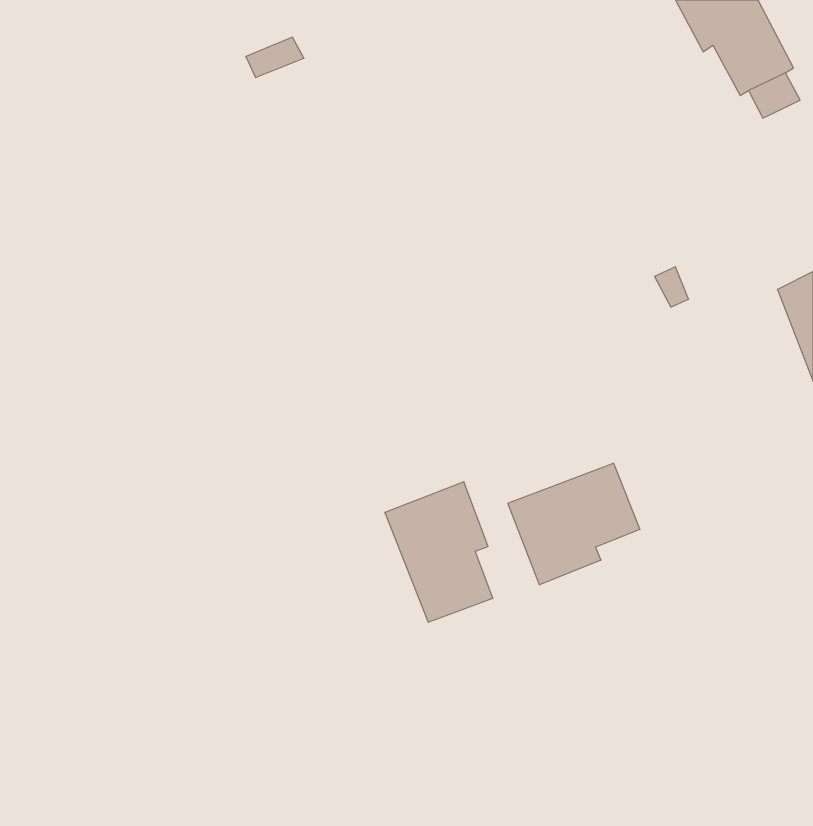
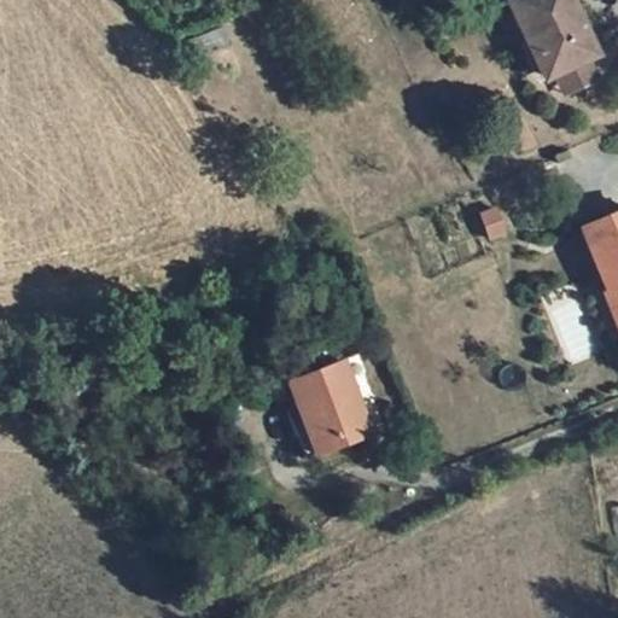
building: [508,463,640,585] -> none

